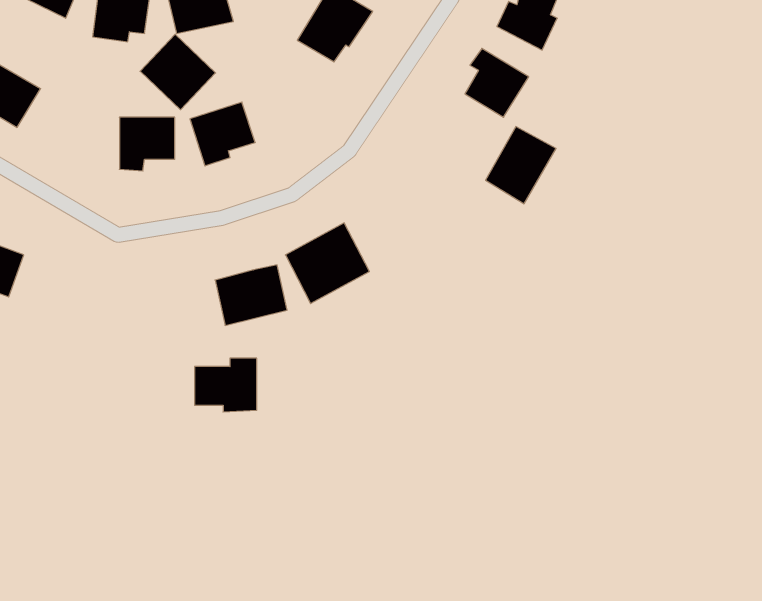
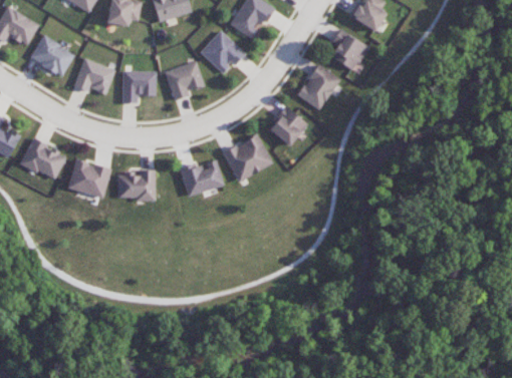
building: [140,34,216,110] -> [199,30,244,75]
building: none -> [73,58,114,94]
building: [486,127,556,204] -> [297,64,339,110]
building: none -> [267,106,307,146]
building: none -> [67,159,111,199]
building: [195,358,257,412] -> [117,169,155,202]

